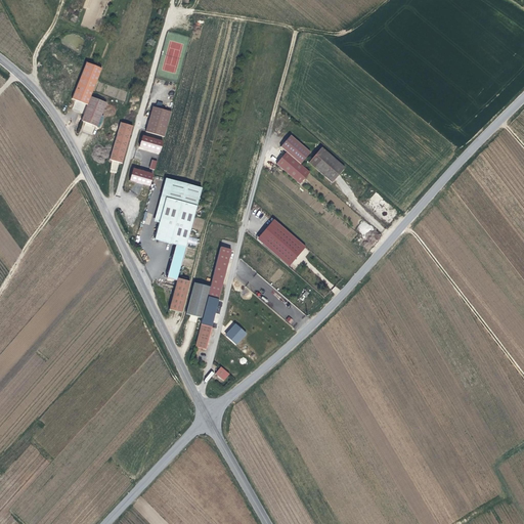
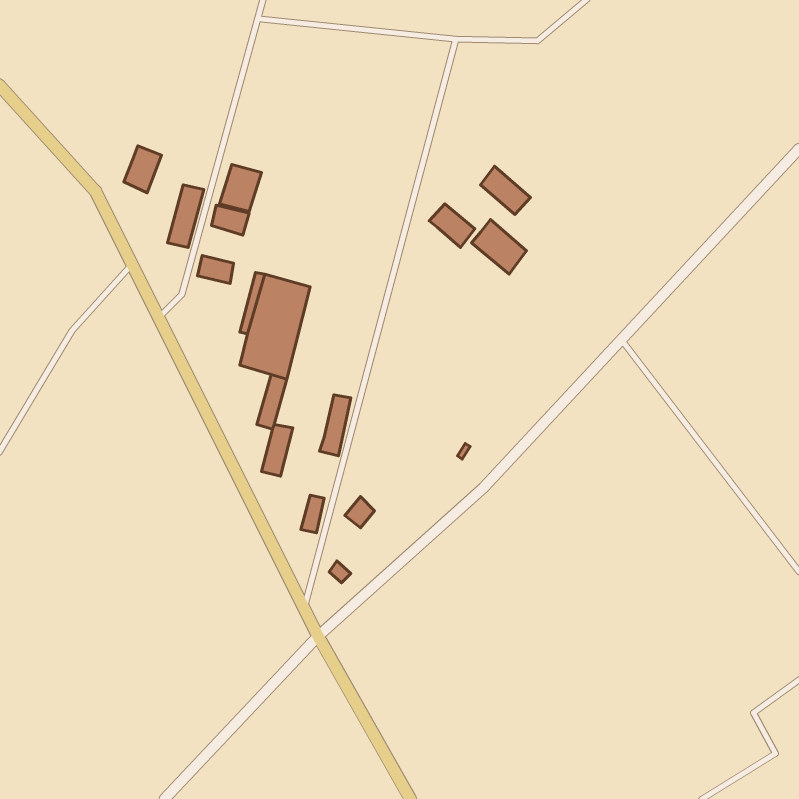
building: [72,61,101,103] -> none
building: [276,148,309,180] -> [480,166,530,215]
building: [256,218,306,265] -> none
building: [188,281,212,317] -> none

